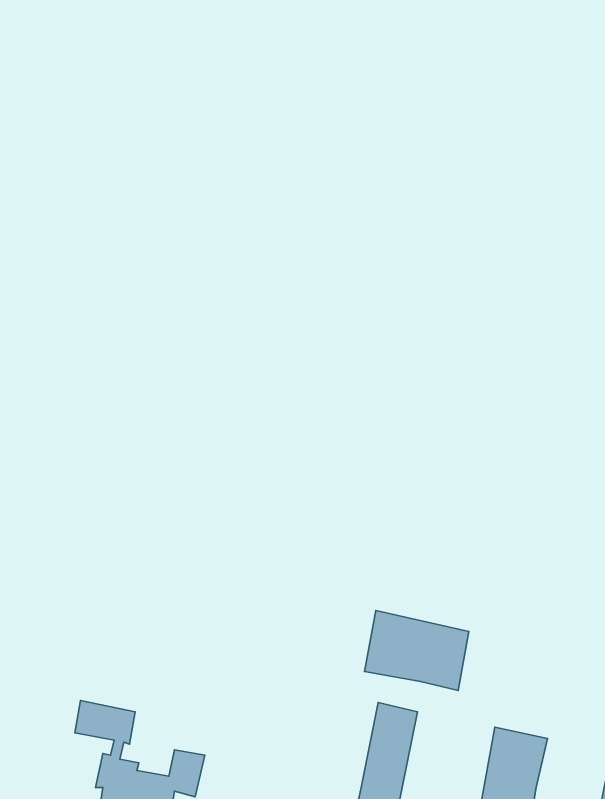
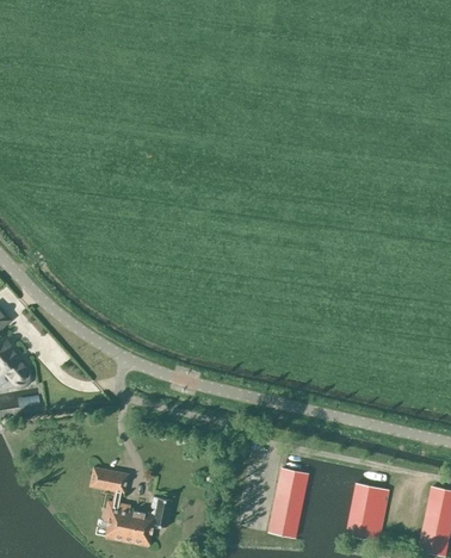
building: [364,611,469,690] -> none

